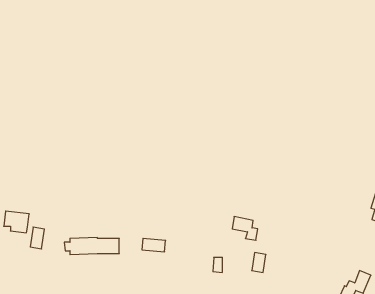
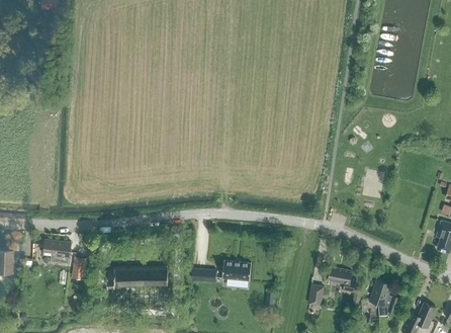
building: [232,217,258,240] -> [329,267,356,293]
building: none -> [219,260,249,280]
building: none -> [369,280,399,316]

